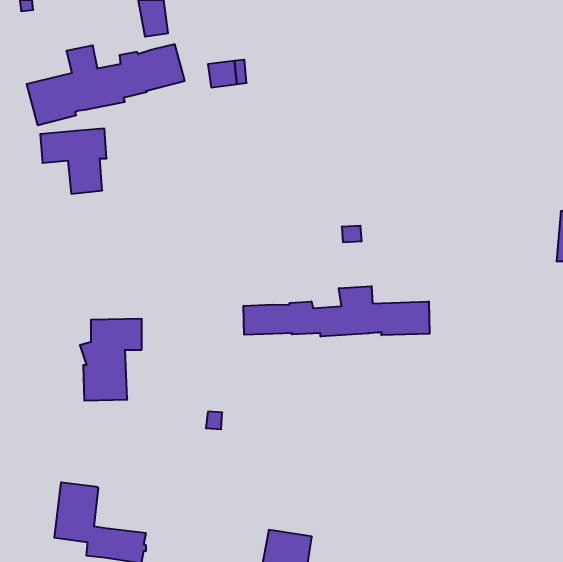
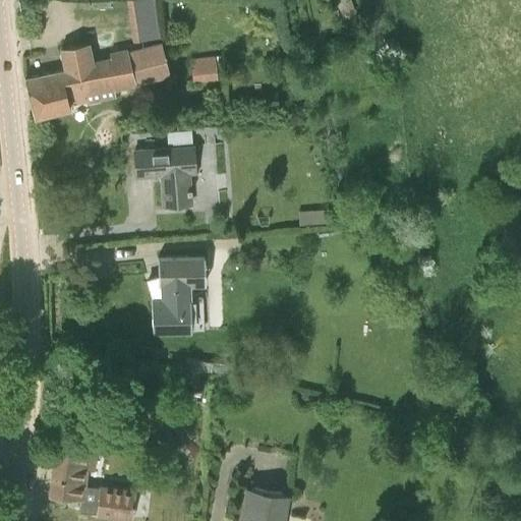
building: [40,129,107,194] -> [136,148,197,208]
building: [244,286,430,337] -> none
building: [80,319,142,401] -> [150,257,207,333]

